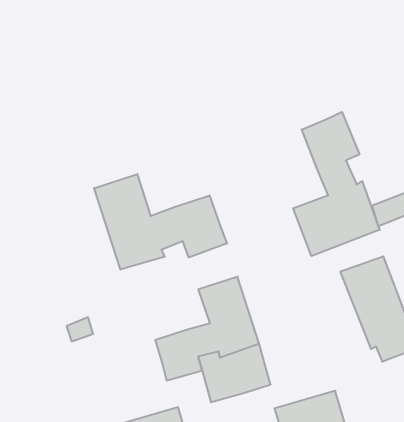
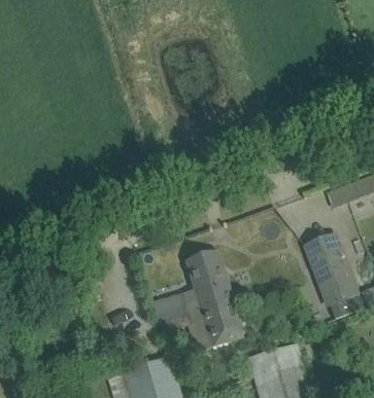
building: [293,112,380,256] -> none
building: [94,174,227,270] -> none

